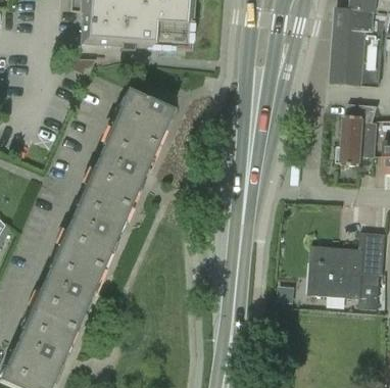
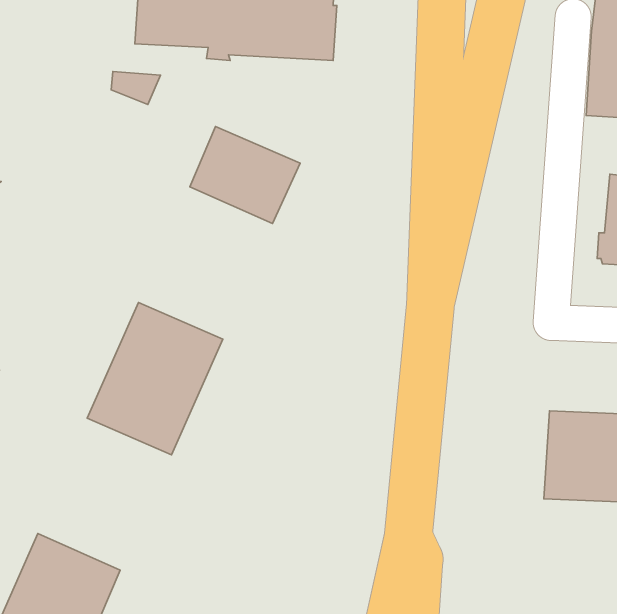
building: [83,123,157,207] -> none
building: [27,251,101,336] -> none

